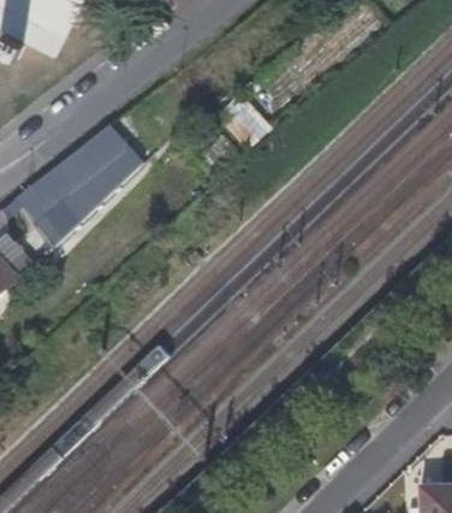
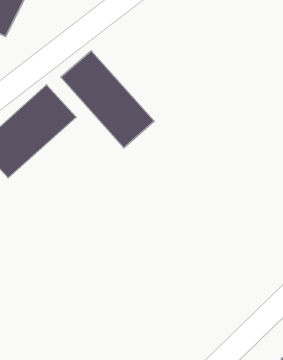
building: none -> [61,51,154,148]

